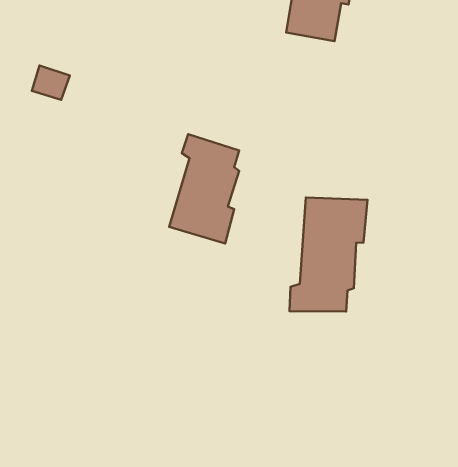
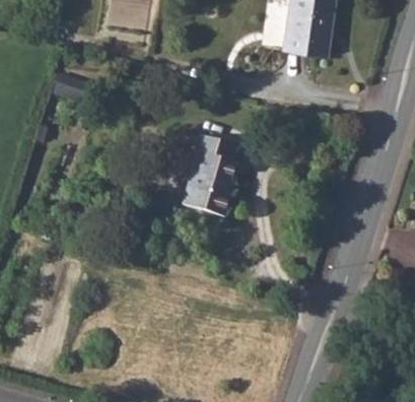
building: [289,197,368,311] -> none

